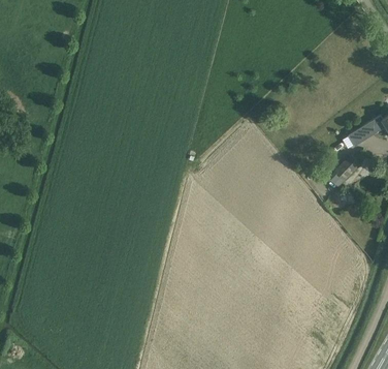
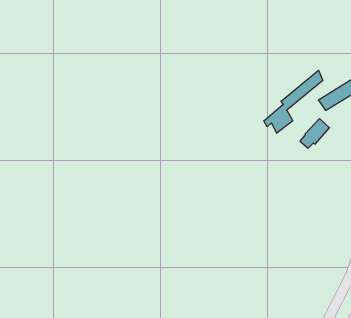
building: none -> [264,70,323,133]

